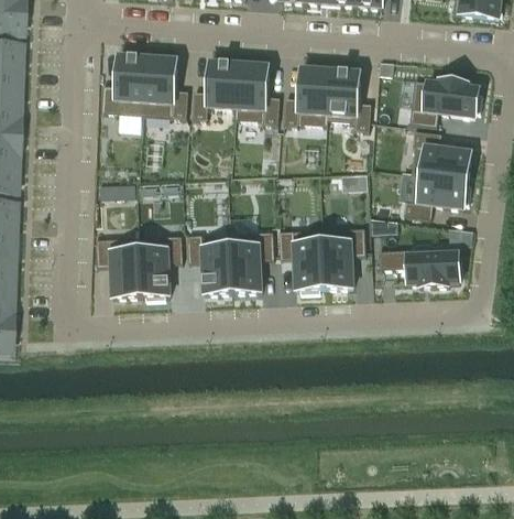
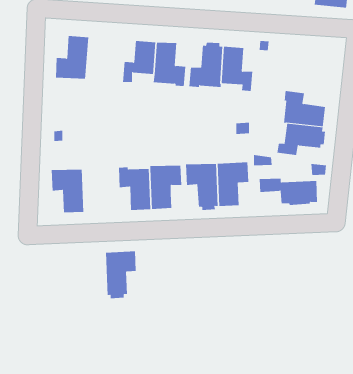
building: [144,53,189,118] -> none
building: [411,80,482,127] -> none
building: [140,235,183,300] -> [105,251,137,299]

